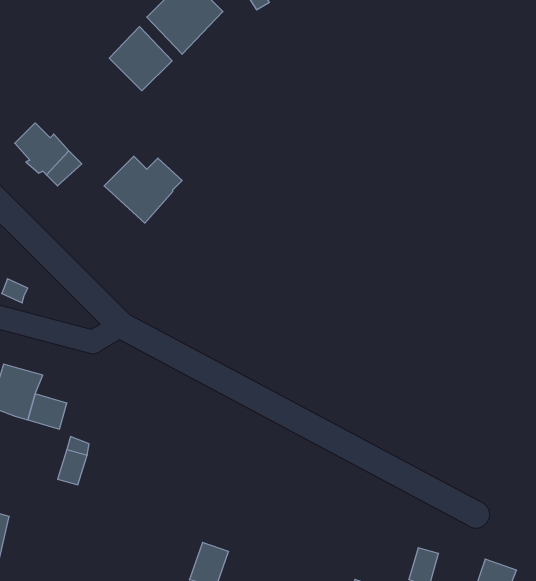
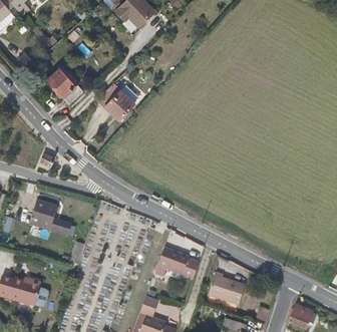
building: [109,27,172,91] -> none
building: none -> [156,246,198,276]
building: none -> [208,271,245,304]

